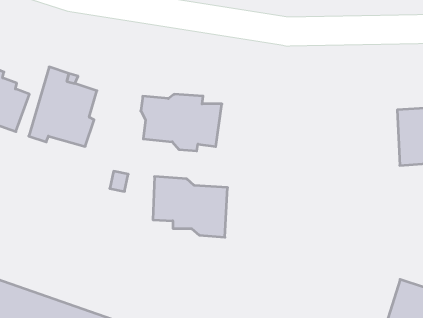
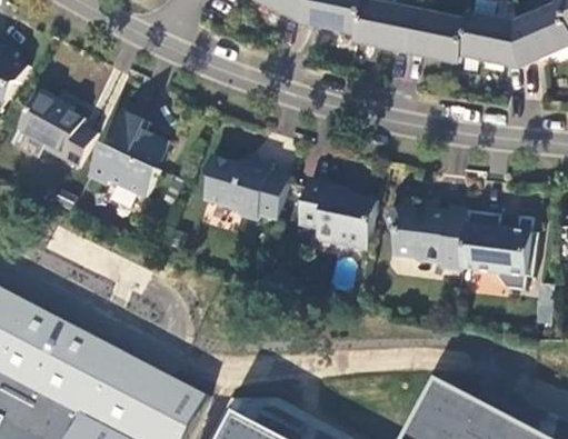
building: none -> [387,208,468,275]
building: [153,177,228,237] -> [299,181,380,255]

